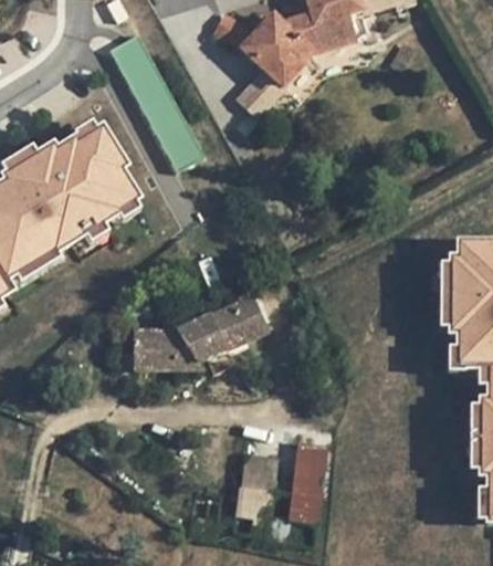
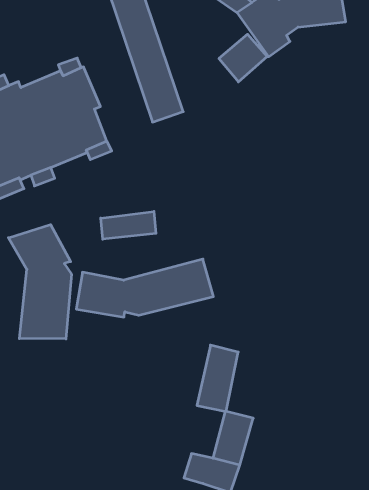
building: none -> [101,211,156,239]
building: none -> [8,225,71,339]
building: [238,452,270,515] -> [197,345,238,411]

